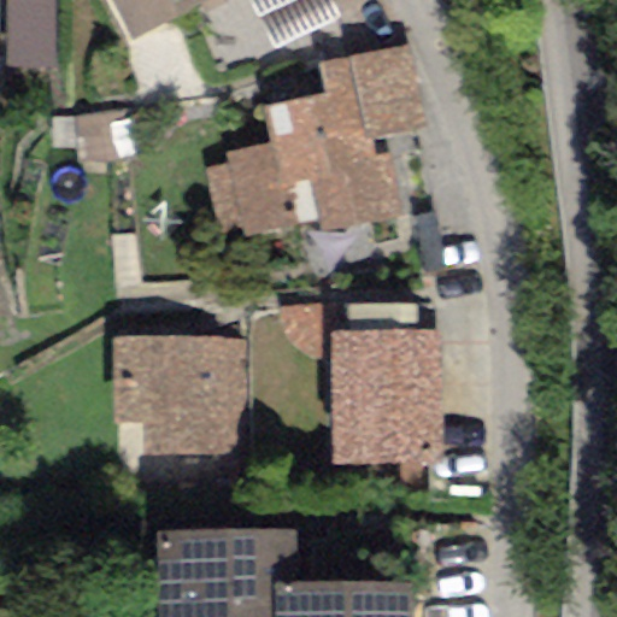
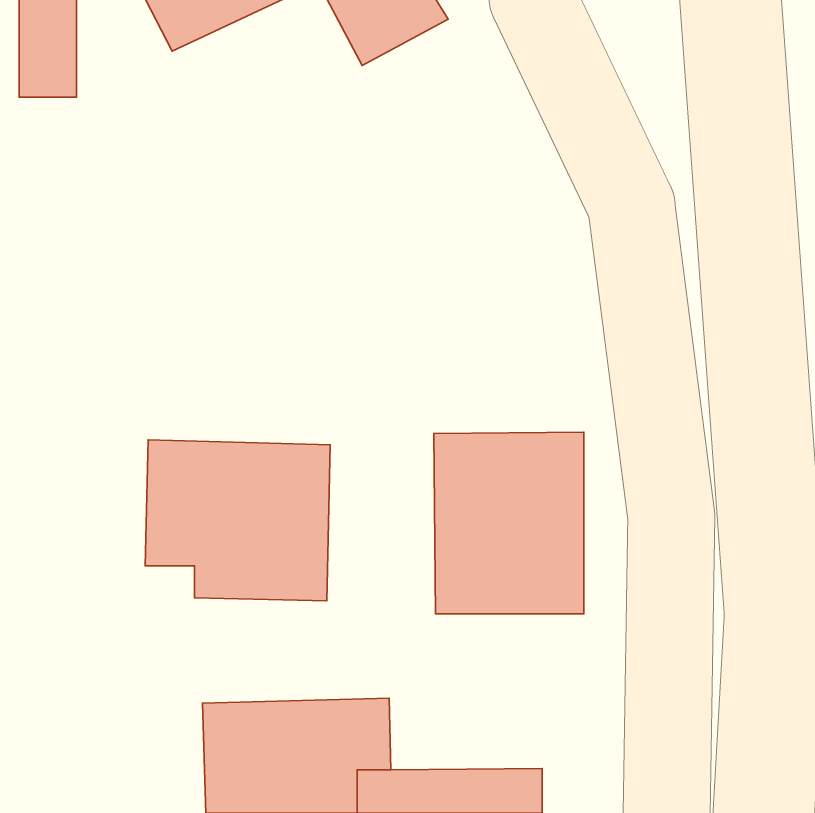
building: [205,46,424,239] -> none

